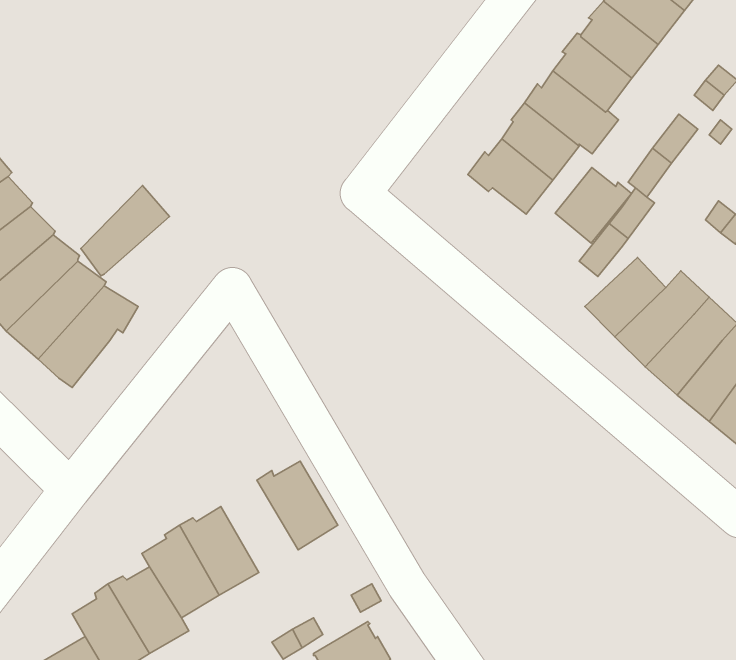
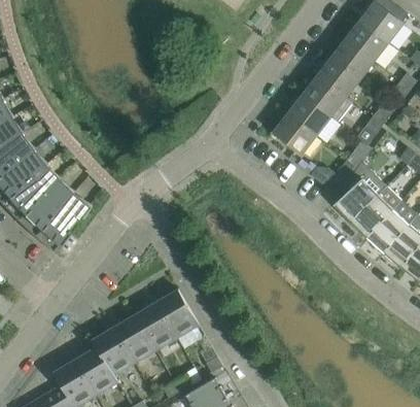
building: [555,167,631,243] -> none
building: [81,185,170,276] -> none
building: none -> [136,300,178,350]

